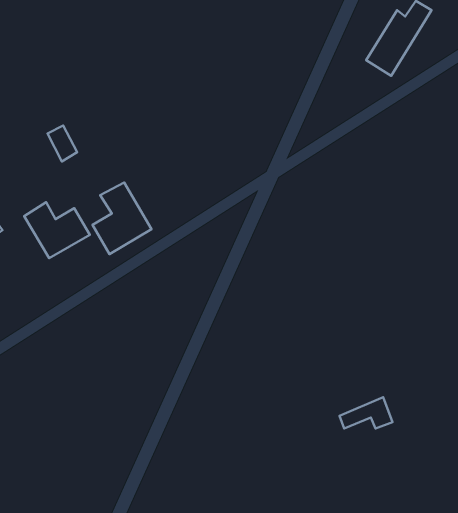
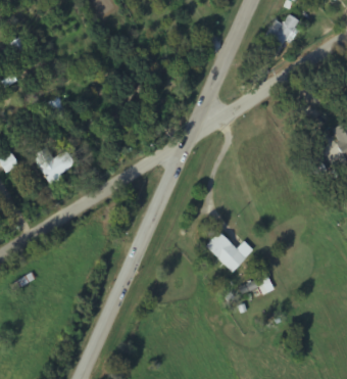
building: [92,182,152,254] -> none
building: none -> [203,232,252,272]

